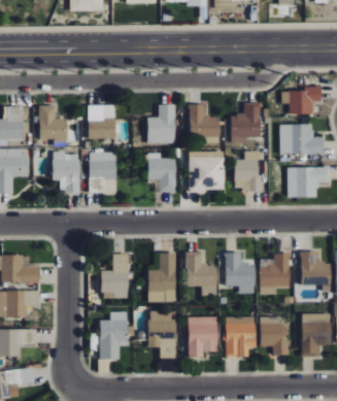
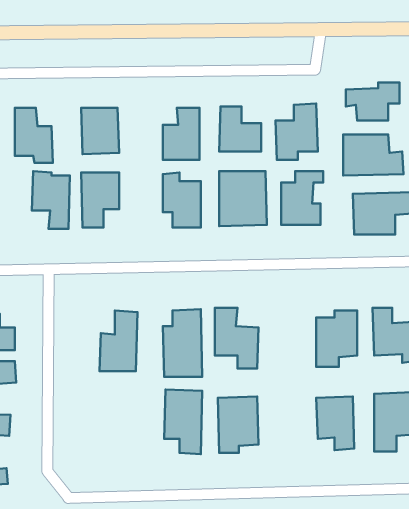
building: [225,254,255,294] -> none
building: [99,311,128,360] -> none
building: [226,316,256,358] -> none

